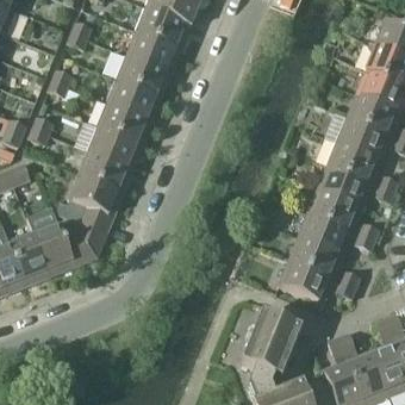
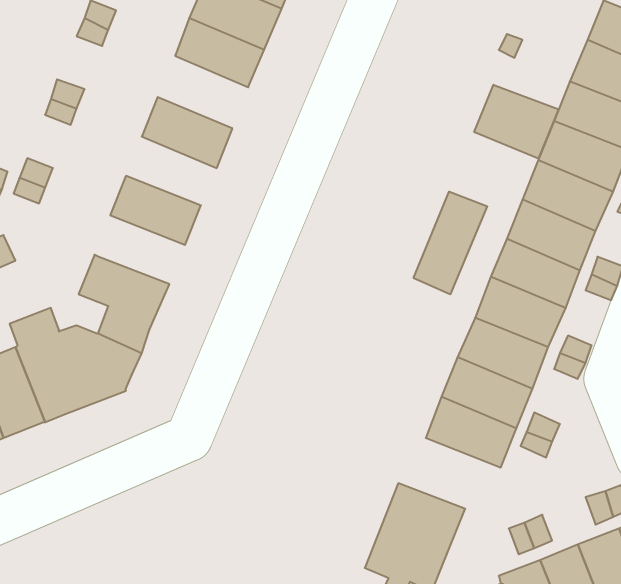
building: [116,54,170,98] -> none
building: none -> [474,85,558,159]
building: [96,102,151,144] -> none
building: none -> [414,192,487,294]
building: [77,150,132,192] -> none

